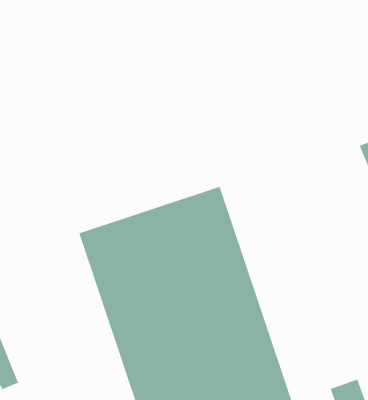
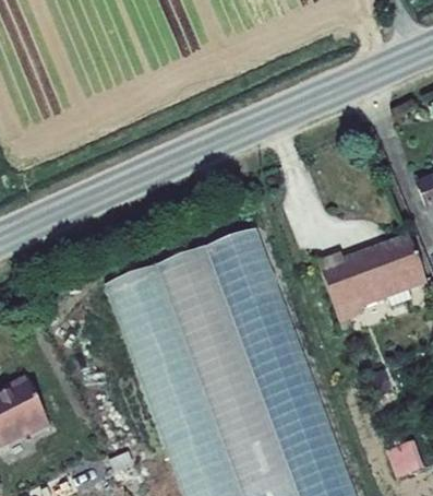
building: none -> [310,226,418,310]

